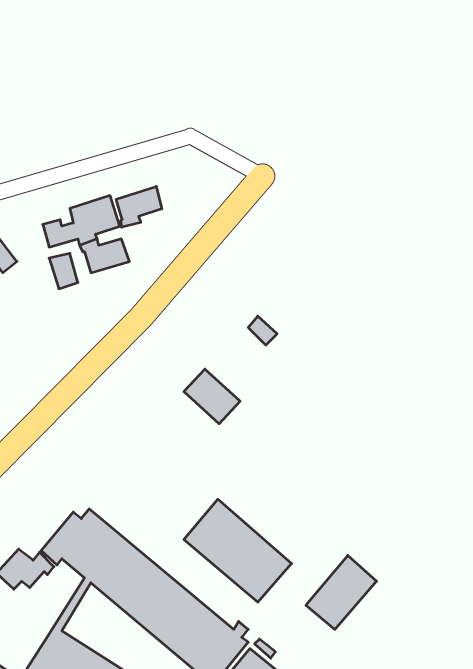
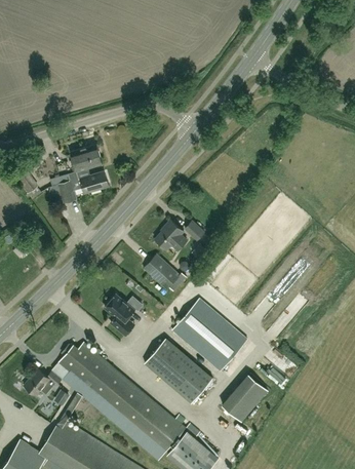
building: [116,186,162,227] -> none
building: none -> [156,220,188,250]
building: none -> [105,295,135,336]
building: none -> [172,299,247,372]

